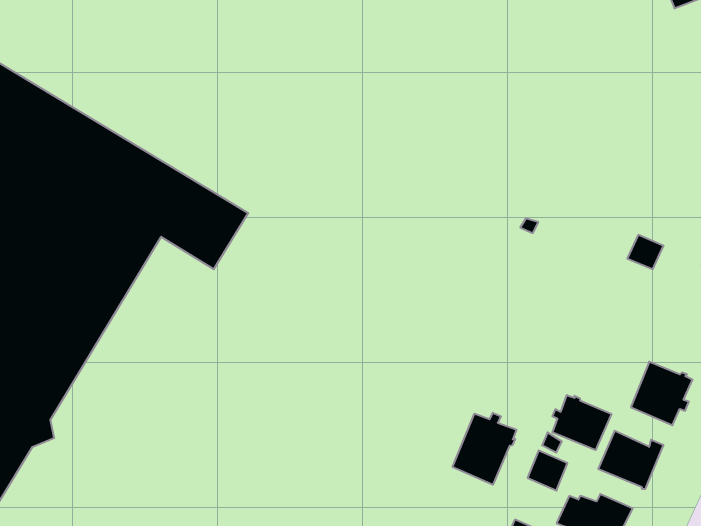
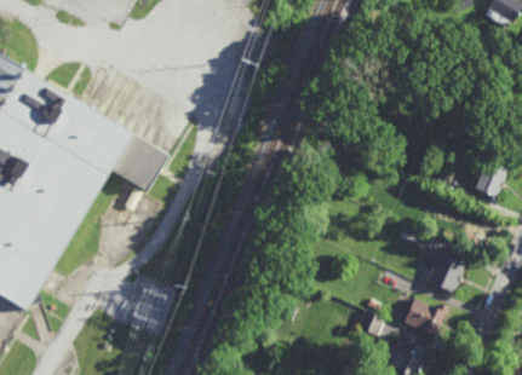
building: [552,395,611,450] -> none
building: [453,413,516,485] -> none

